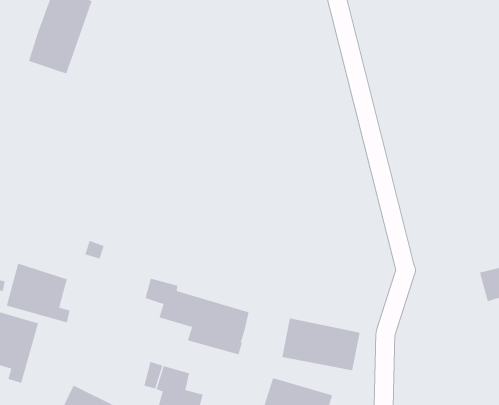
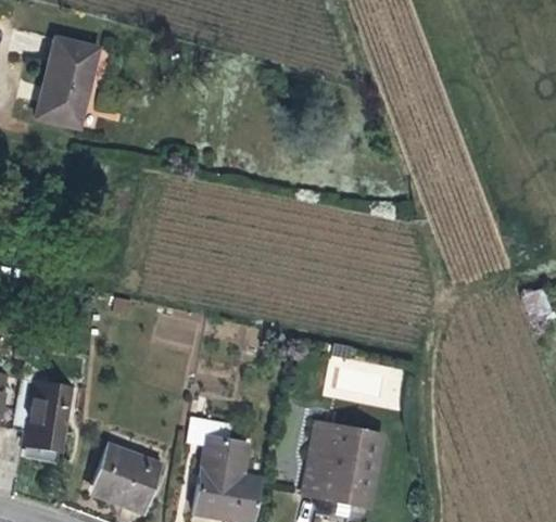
building: [6,263,70,323] -> none
building: [145,278,249,355] -> none

